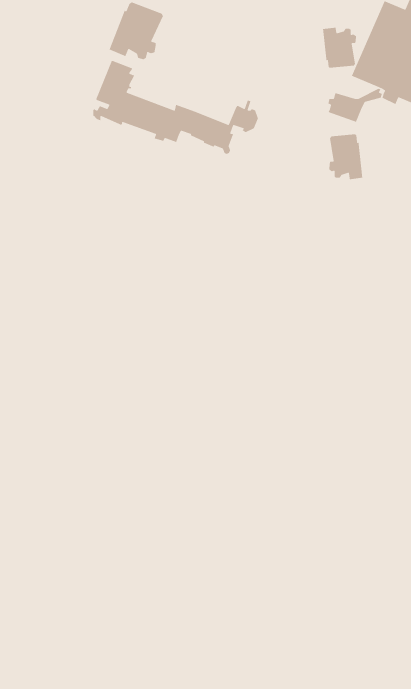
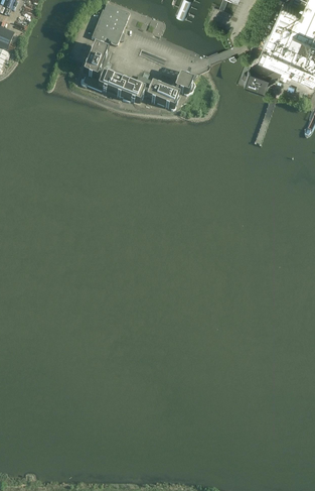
building: [322,27,357,69] -> none
building: [329,134,363,180] -> none

